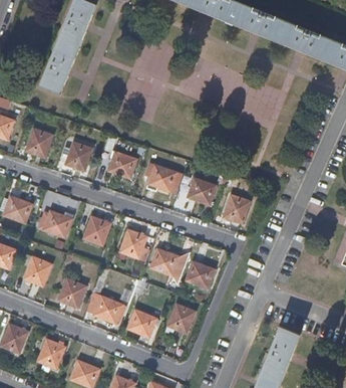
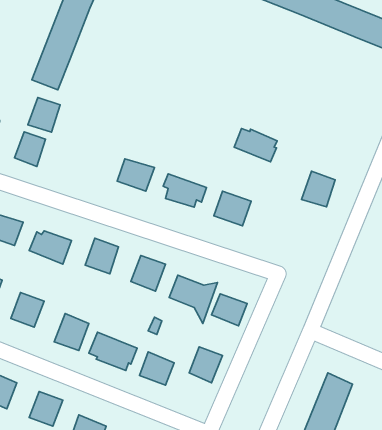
building: none -> [234,129,277,162]
building: [65,143,91,171] -> [28,97,60,132]
building: [223,194,250,223] -> [302,171,335,207]

